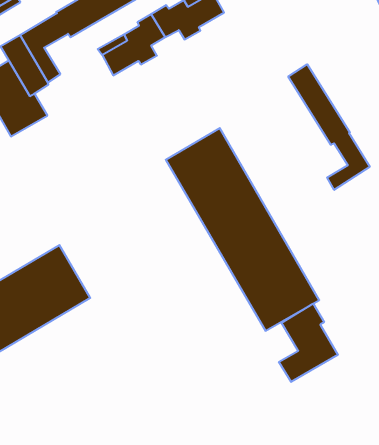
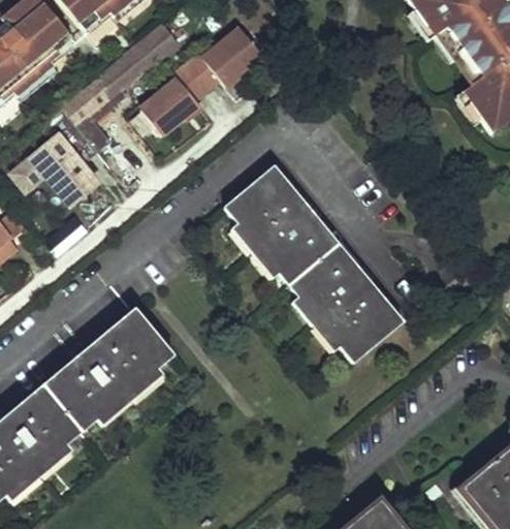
building: [288,64,370,190] -> none
building: [279,304,338,382] -> none

